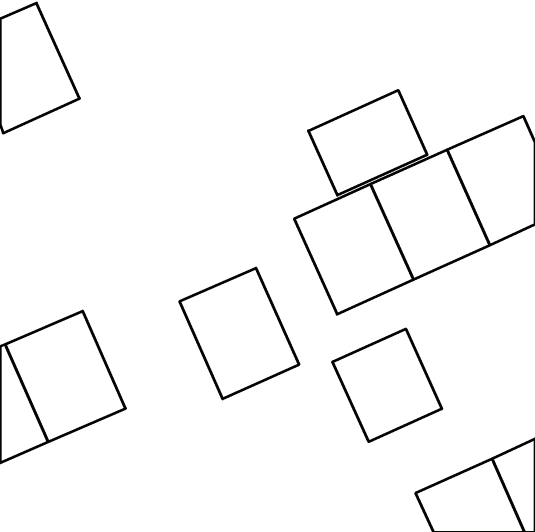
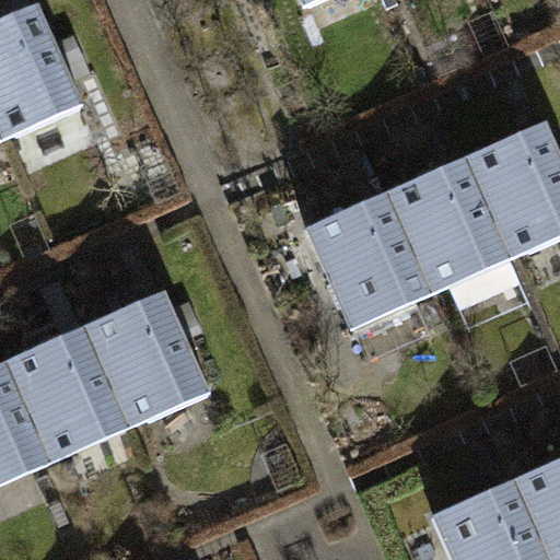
building: [308,90,427,195] -> none
building: [180,268,299,399] -> [86,290,211,427]
building: [333,329,442,442] -> none

